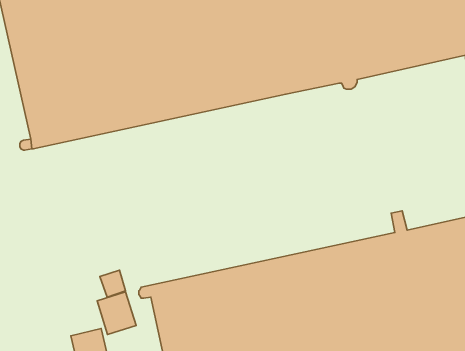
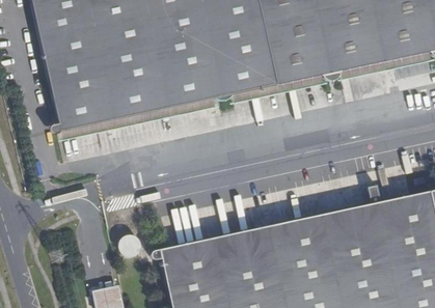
building: [97,292,136,334] -> none

